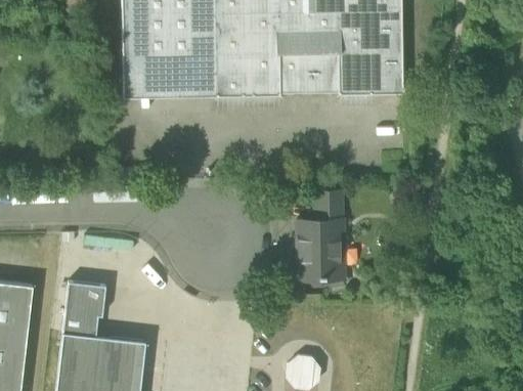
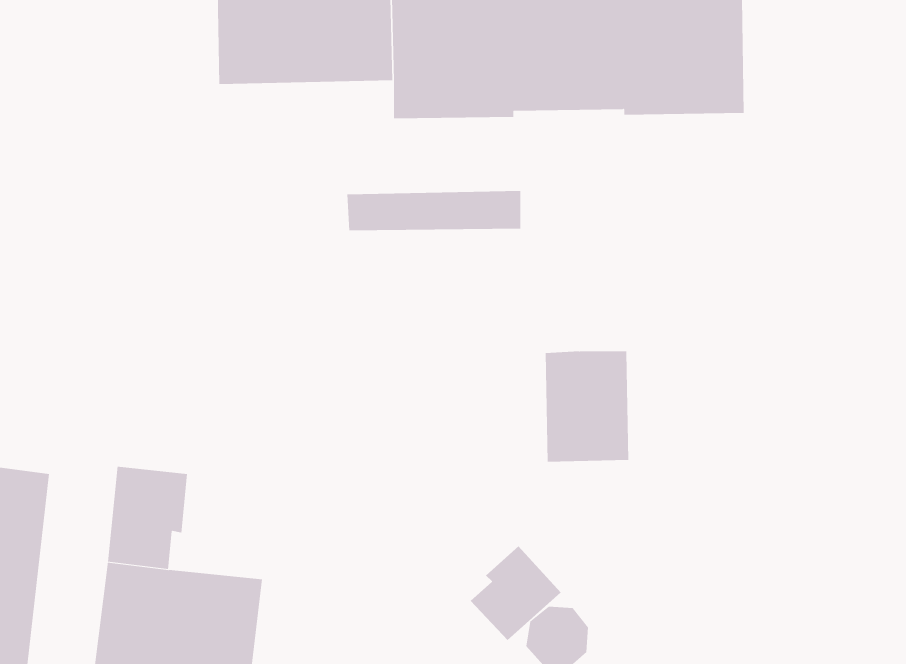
building: [122,75,215,96] -> [346,190,521,231]
building: [314,190,341,220] -> none
building: none -> [470,546,562,641]

